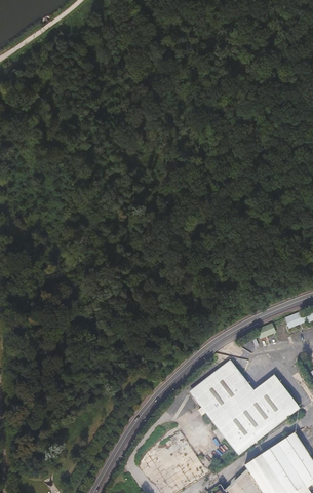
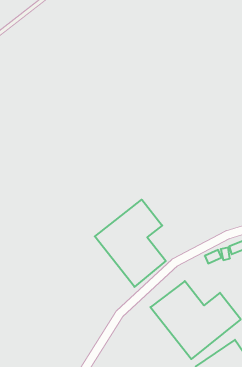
building: none -> [95,200,166,287]

